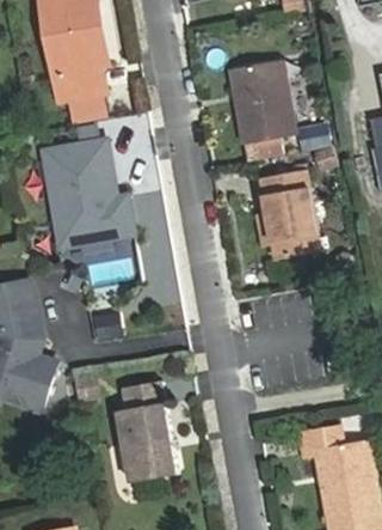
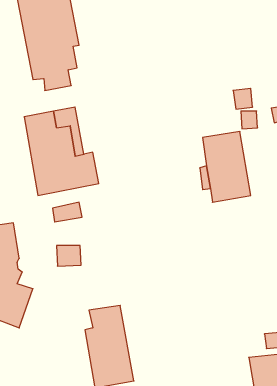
building: [226,39,301,144] -> none

